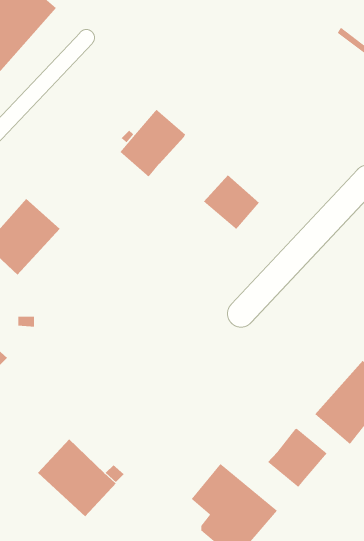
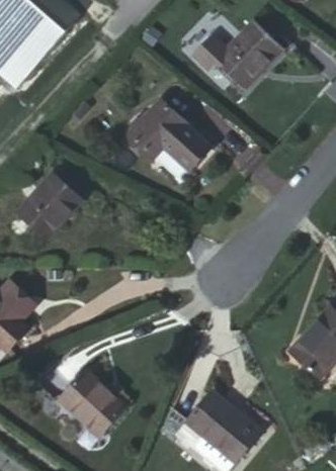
building: none -> [196,22,281,88]
building: [203,175,260,230] -> [163,122,209,168]
building: [267,428,328,488] -> none

